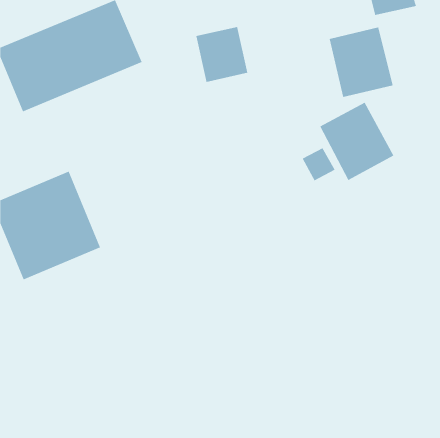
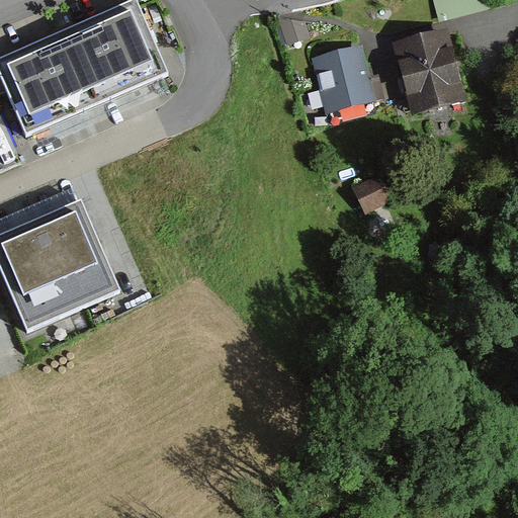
building: [196,26,248,82] -> [313,48,374,113]
building: [319,102,394,181] -> none

